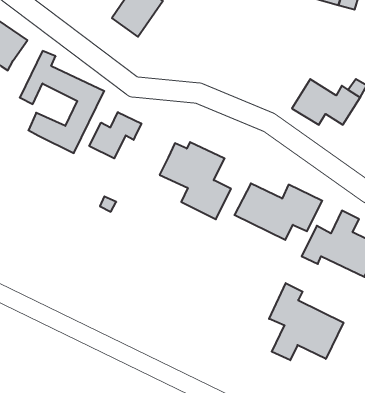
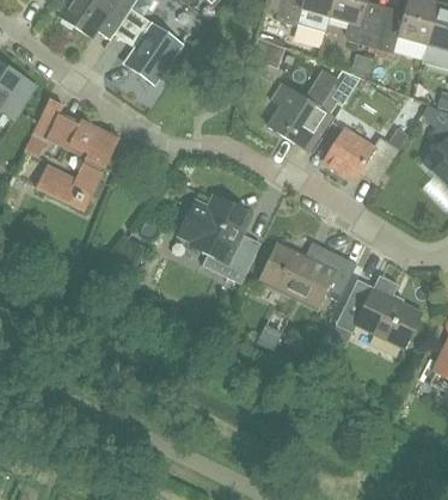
building: none -> [268,69,356,141]
building: [89,112,141,158] -> none
building: [269,283,343,360] -> none

